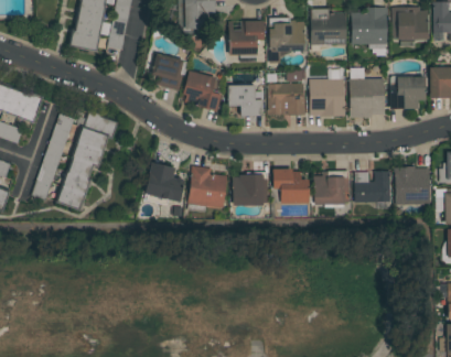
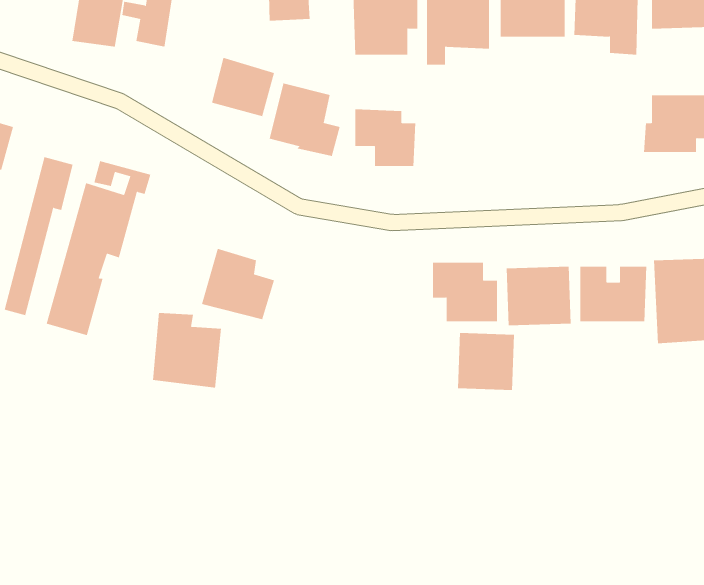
building: [350,68,385,117] -> none
building: [310,78,344,117] -> none
building: [268,84,304,116] -> none
building: [189,166,227,208] -> [152,313,222,388]
building: [233,174,265,206] -> [457,333,515,390]

